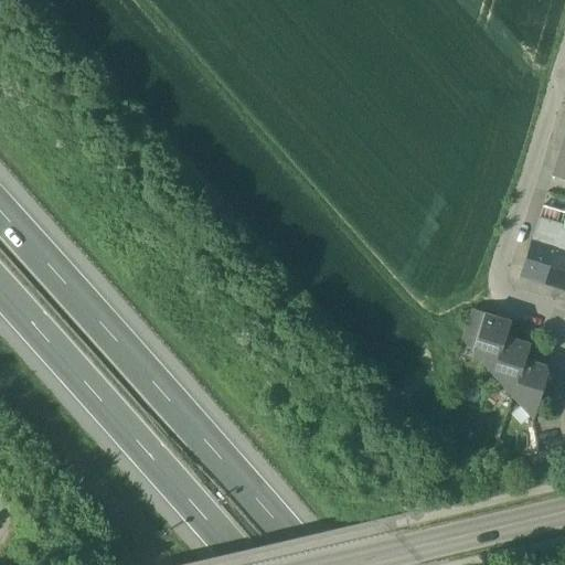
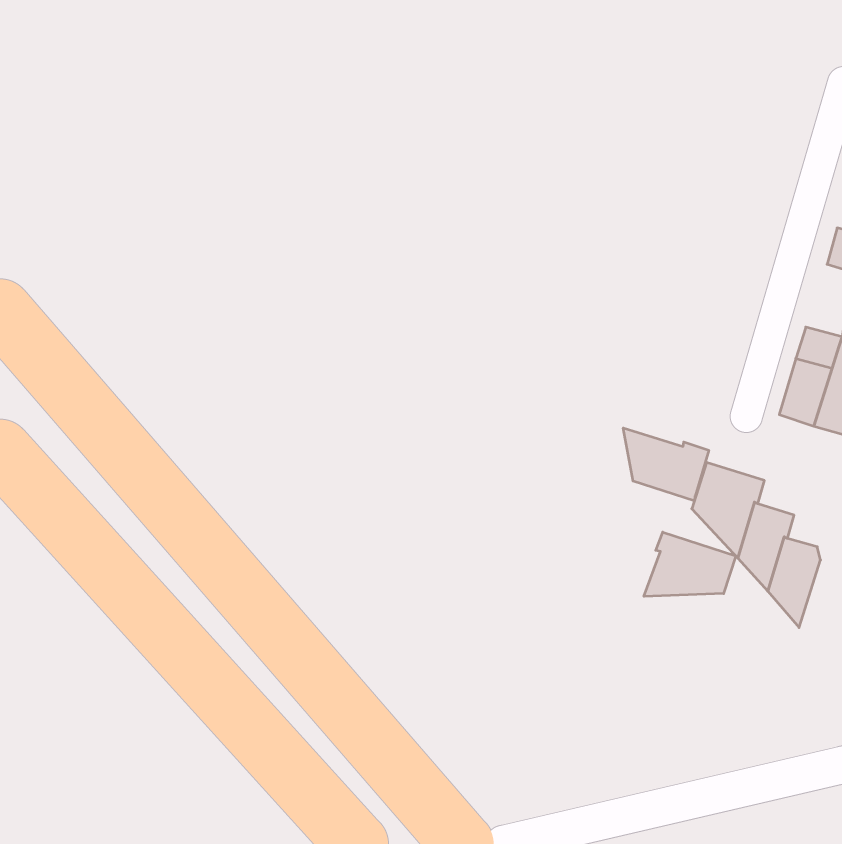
building: none -> [623,428,709,501]
building: none -> [644,532,736,596]

